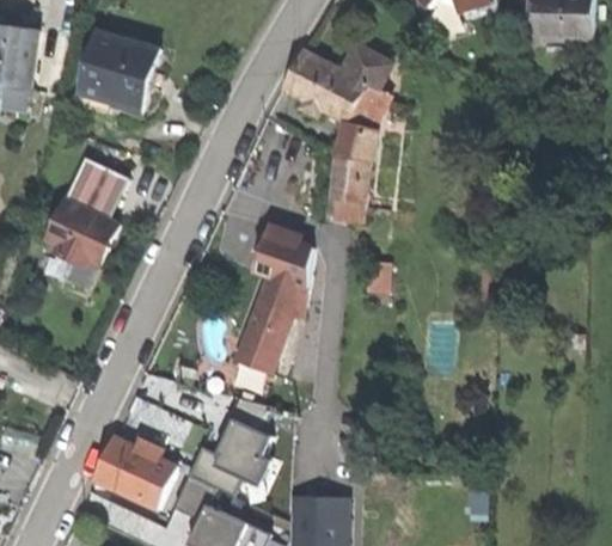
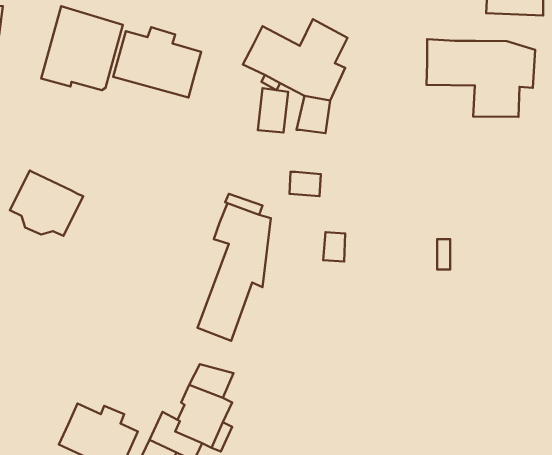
building: none -> [113,27,201,97]
building: none -> [426,39,535,117]
building: [337,157,368,202] -> [258,88,288,133]
building: [67,158,127,219] -> none

